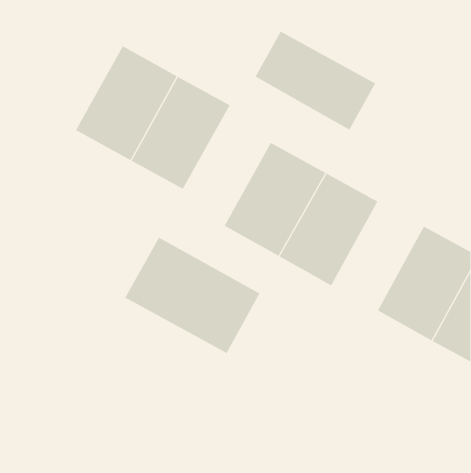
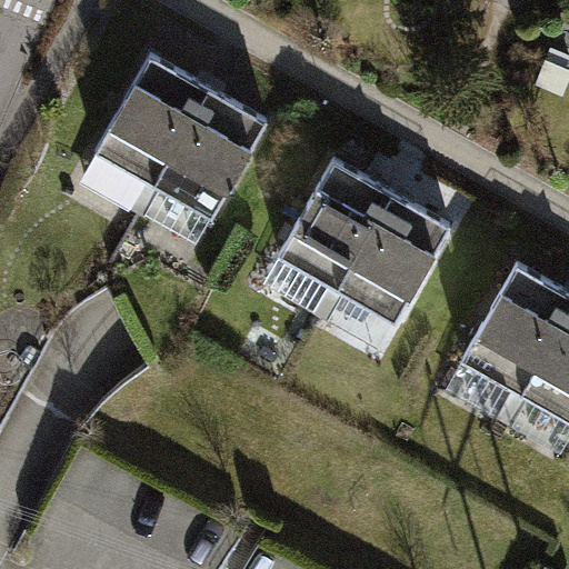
building: [255,31,376,130] -> none
building: [124,237,260,354] -> none

